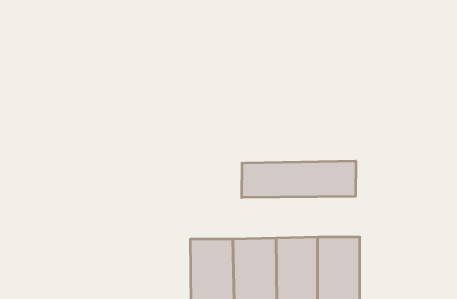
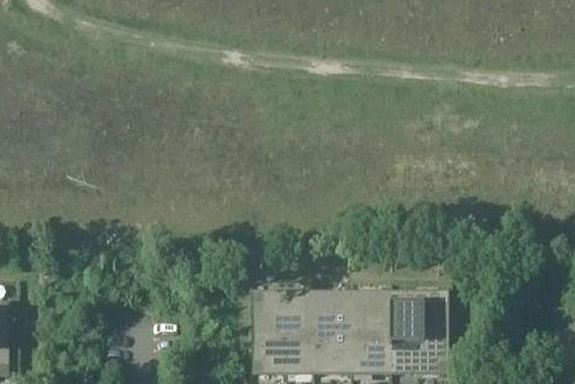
building: [242,161,356,198] -> none

